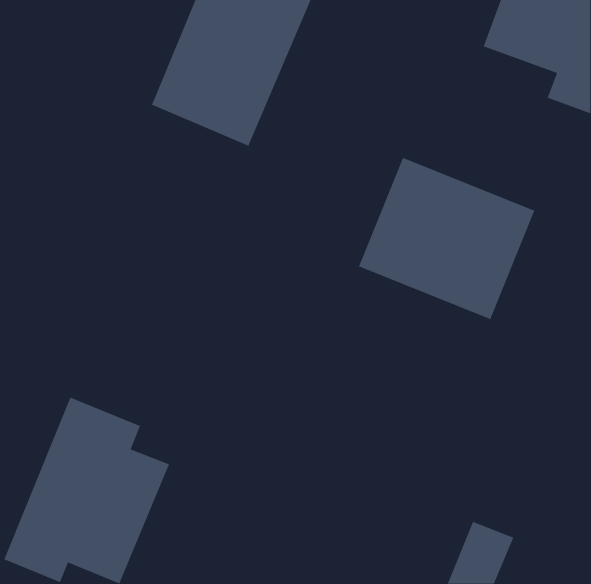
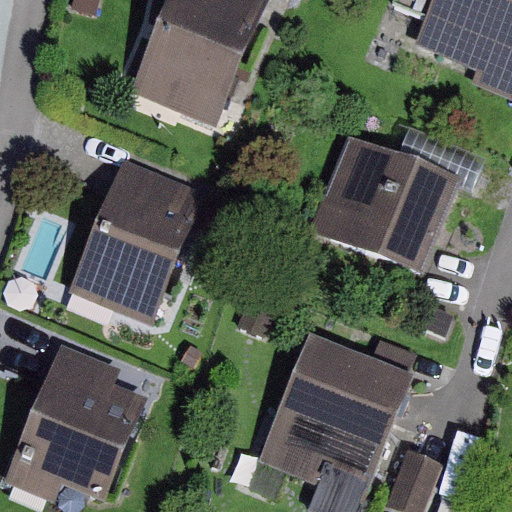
building: none -> [67,158,205,324]
building: none -> [256,334,414,484]

